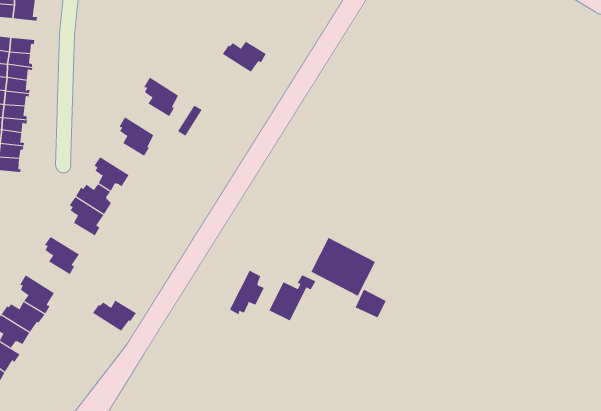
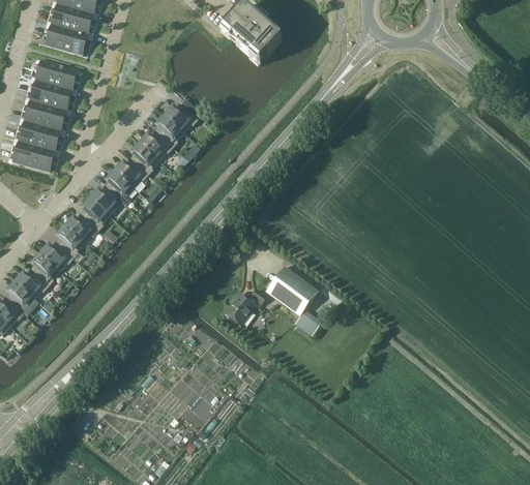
building: [222,38,267,72] -> [163,103,198,131]
building: none -> [138,133,173,159]
building: none -> [113,160,148,187]
building: none -> [63,216,98,243]
building: [229,270,264,315] -> none
building: [92,300,137,332] -> [38,244,73,270]

